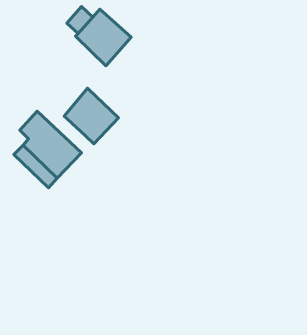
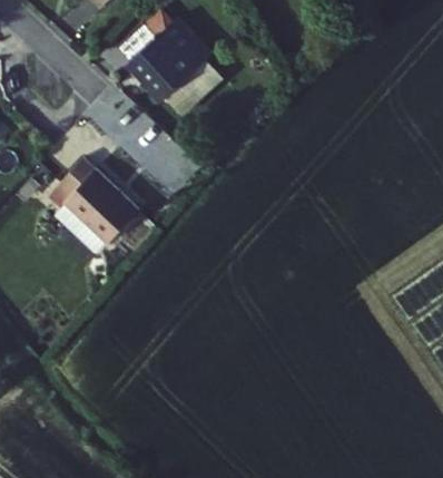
building: [64,88,118,144] -> none

